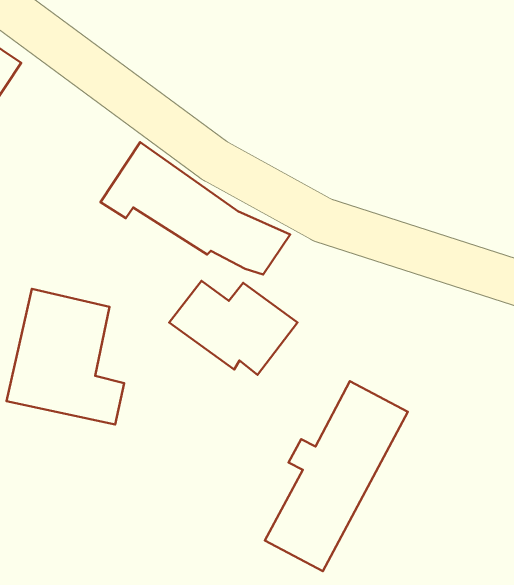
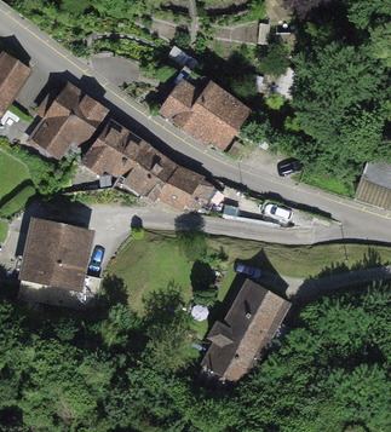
building: none -> [38,83,107,154]
building: [169,281,297,375] -> [163,81,249,144]

